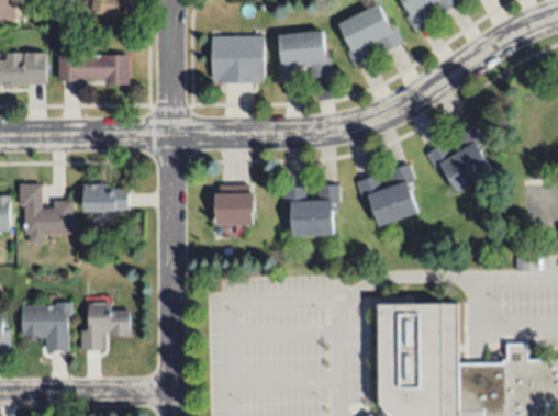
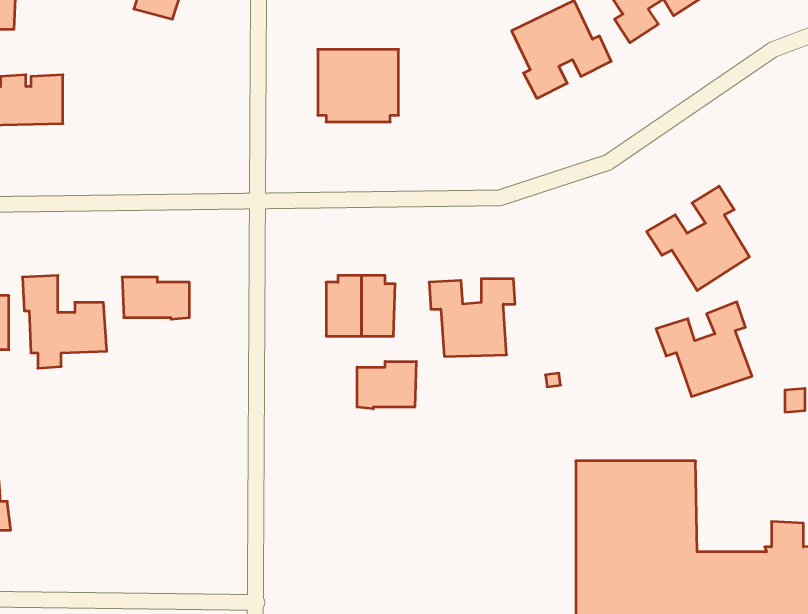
building: [276,31,331,81] -> none
building: [58,55,127,85] -> none
building: [356,165,418,226] -> [656,302,752,396]
building: none -> [357,361,416,409]
building: [80,303,130,351] -> none
building: [20,305,71,352] -> none

